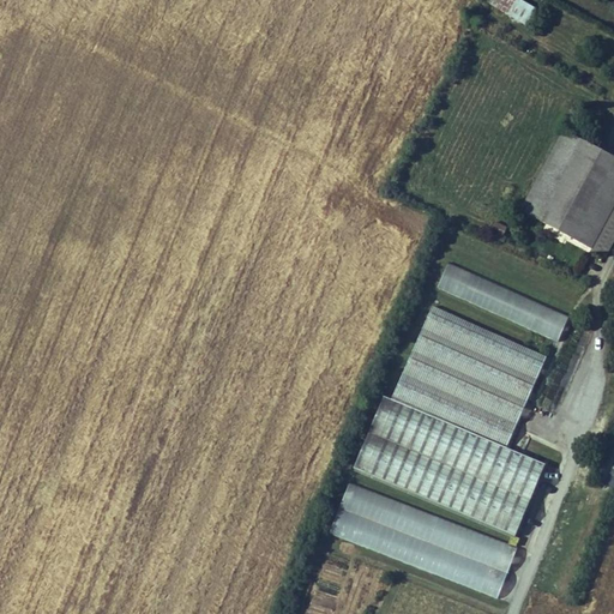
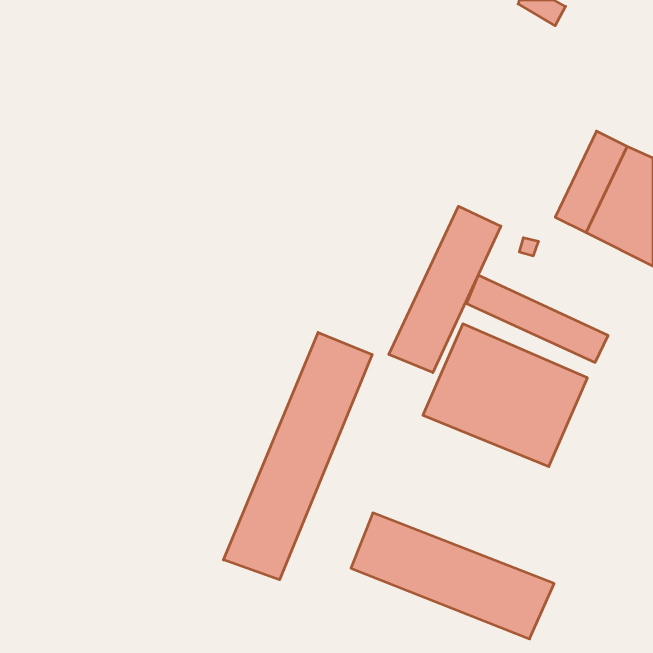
building: none -> [389,206,501,373]
building: none -> [223,332,372,580]
building: [356,396,548,535] -> none

